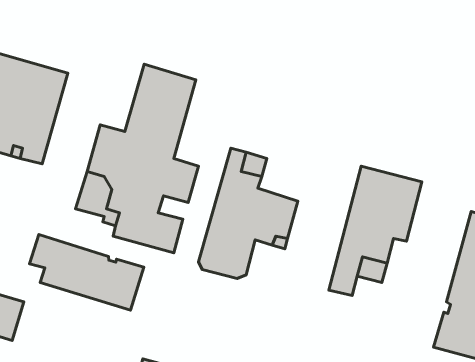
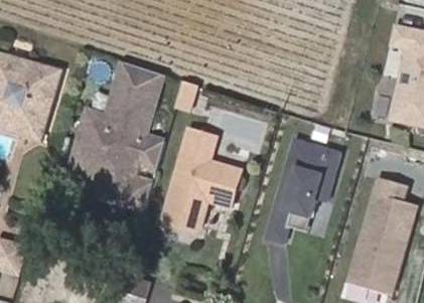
building: [29,235,144,310] -> none

